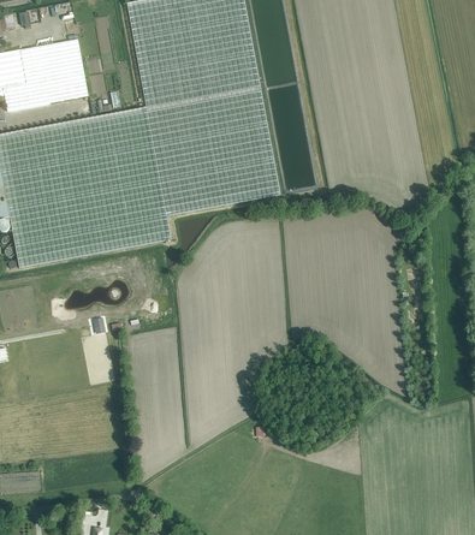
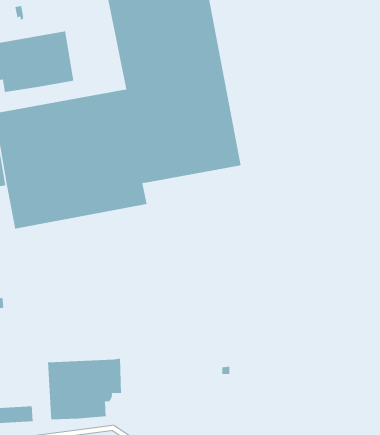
building: none -> [48,358,121,420]

